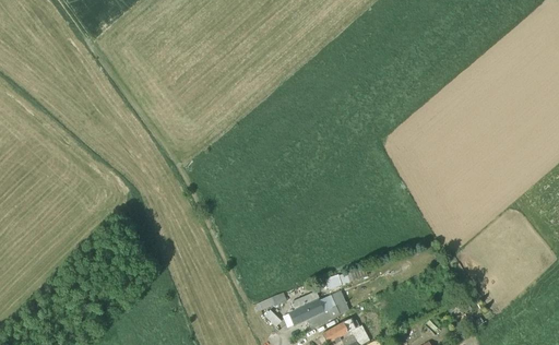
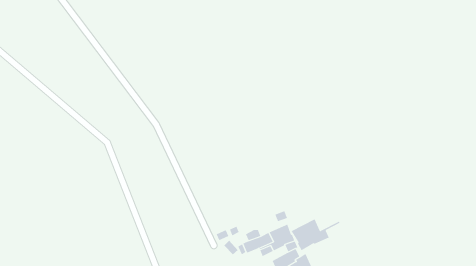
building: none -> [291,219,340,251]

